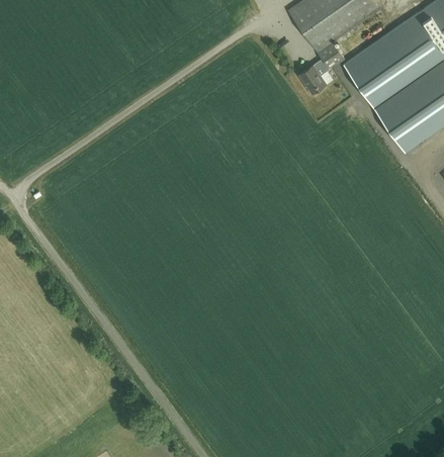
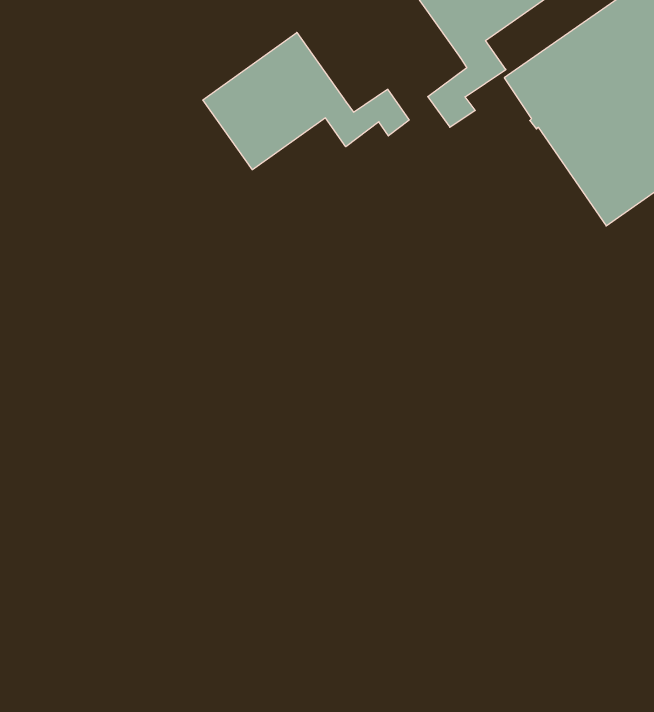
building: none -> [203,32,409,170]

